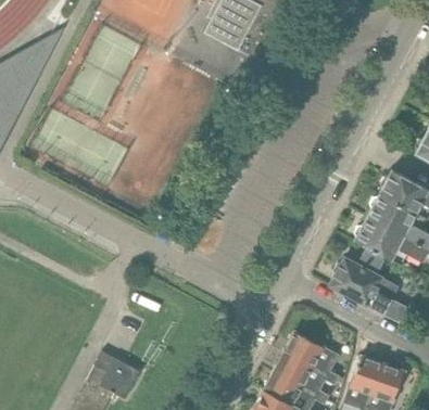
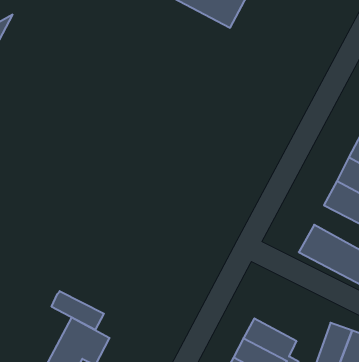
building: none -> [52,291,104,330]
building: [285,333,339,384] -> none

